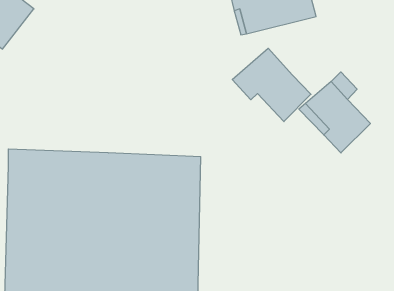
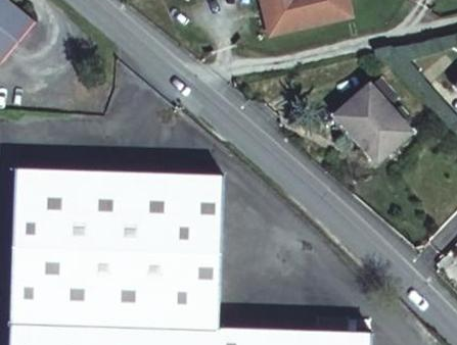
building: [232,48,311,122] -> none

